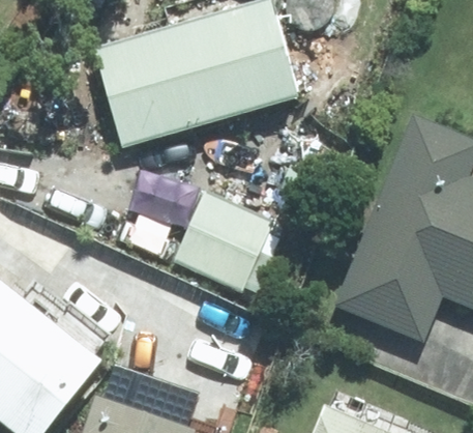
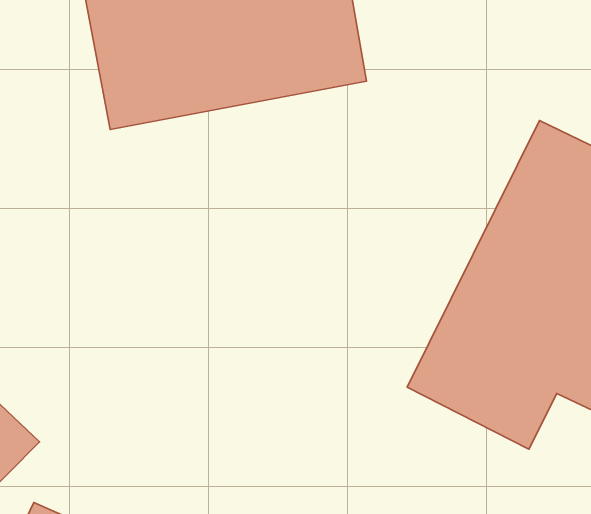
building: [173,189,272,291] -> none

